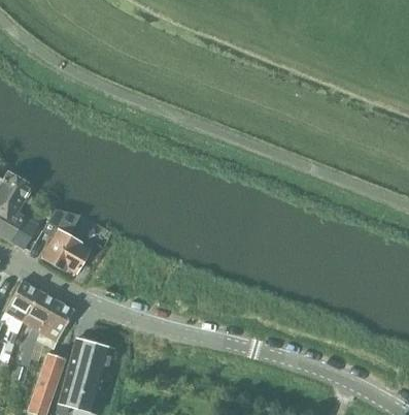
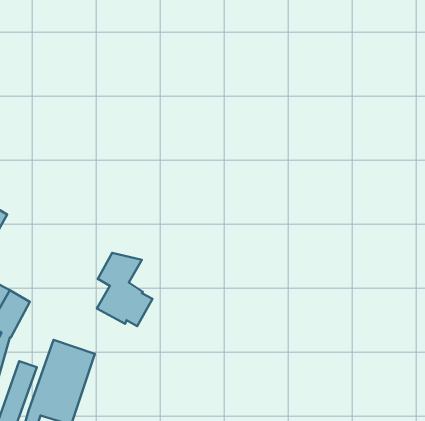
building: [41,210,90,274] -> [97,253,152,326]
building: [40,301,74,342] -> none

